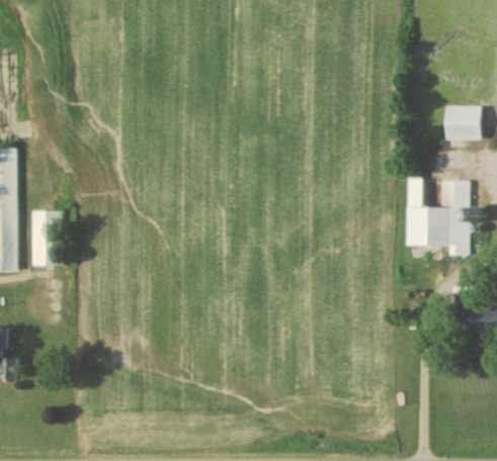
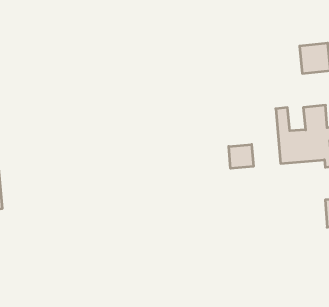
building: none -> [229,144,253,168]

